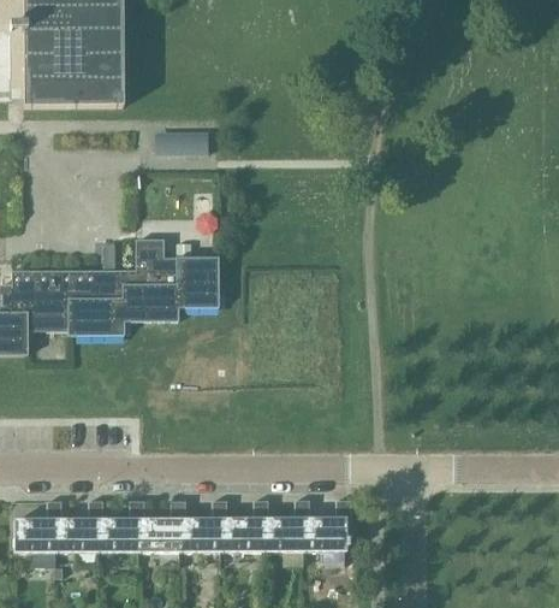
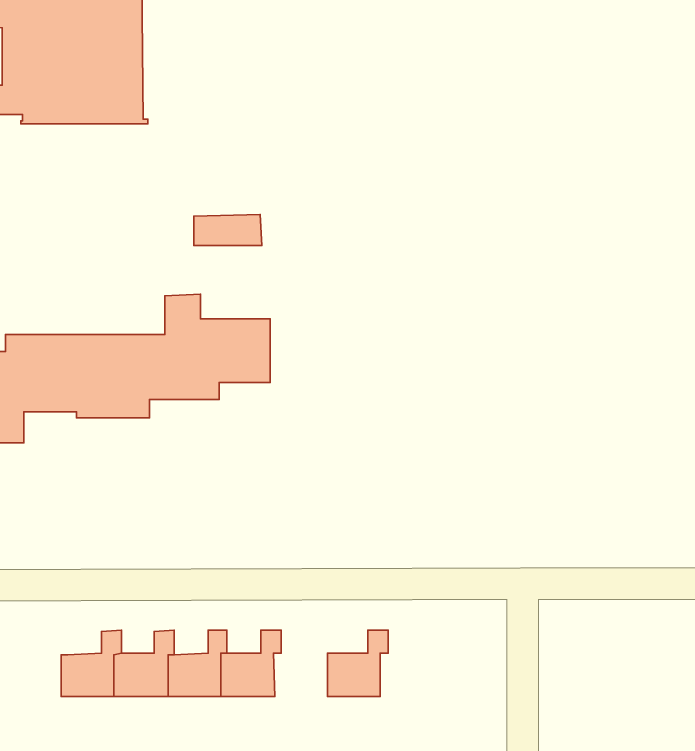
building: [157,130,210,154] -> [194,214,262,245]
building: [222,500,269,551] -> none
building: [305,500,352,551] -> none
building: [16,501,63,553] -> none

